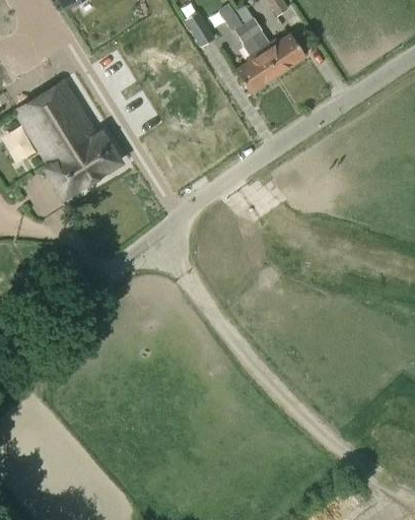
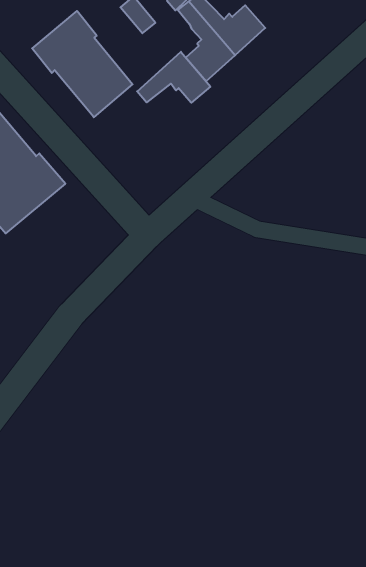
building: none -> [32,11,133,117]
building: none -> [137,52,210,103]

